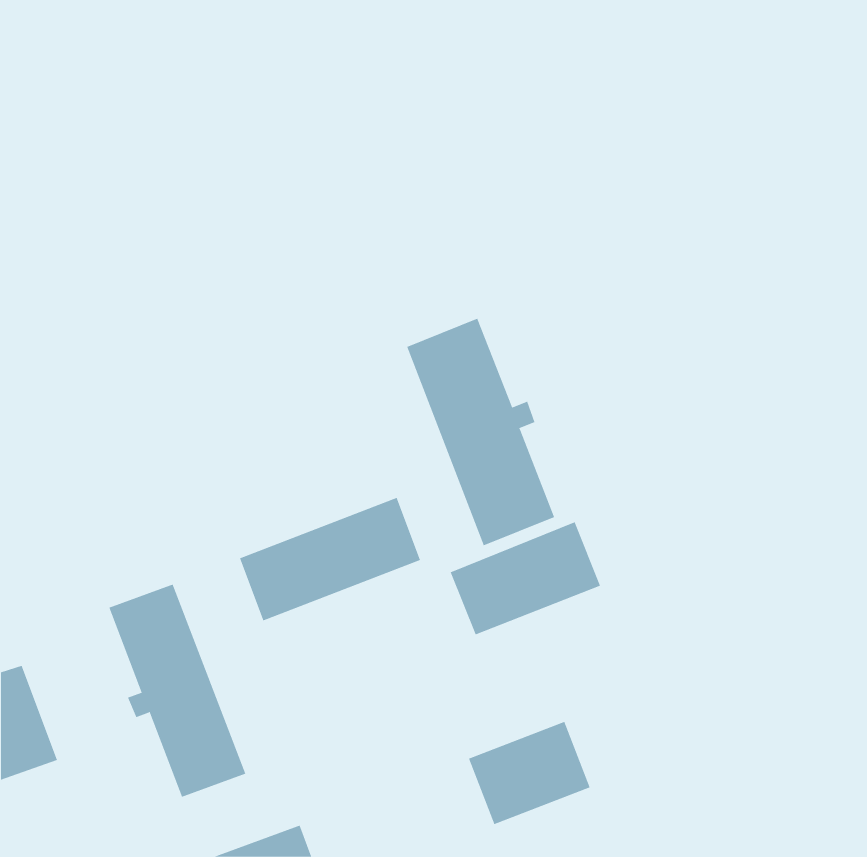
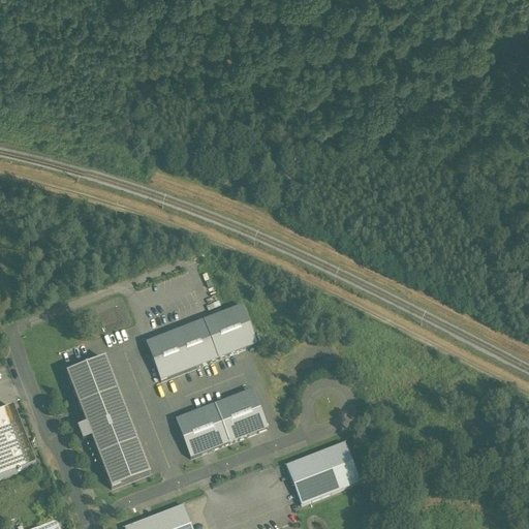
building: [406,318,555,546] -> none
building: [450,521,601,635] -> [176,386,268,456]

